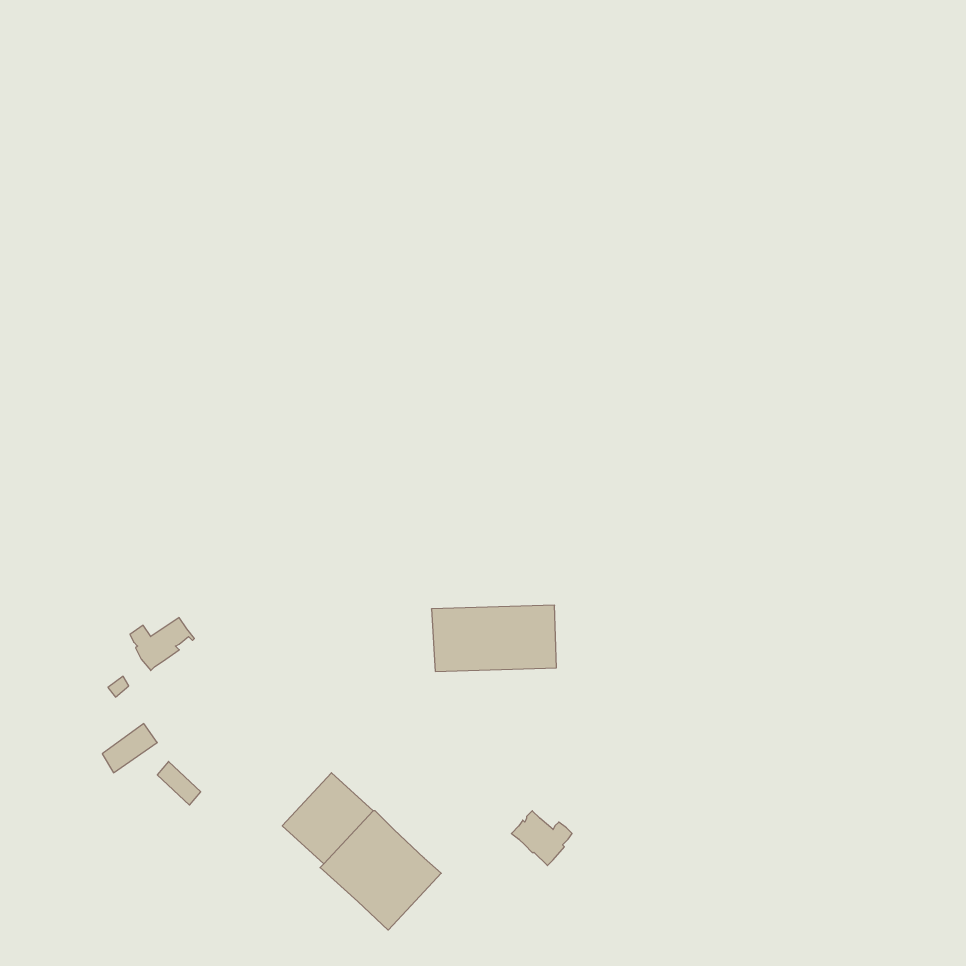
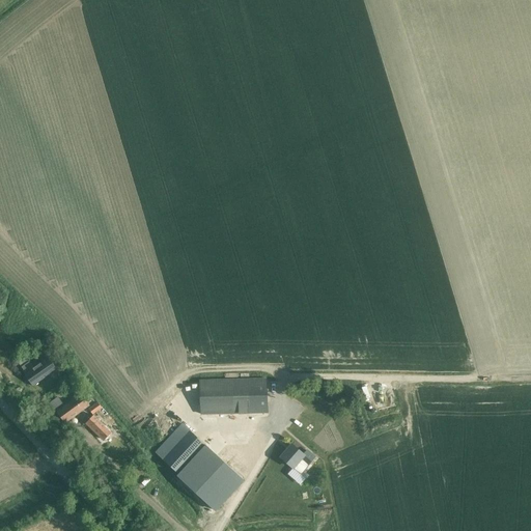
building: [431,605,556,671] -> [198,378,267,414]
building: [130,618,194,671] -> [21,357,56,386]

